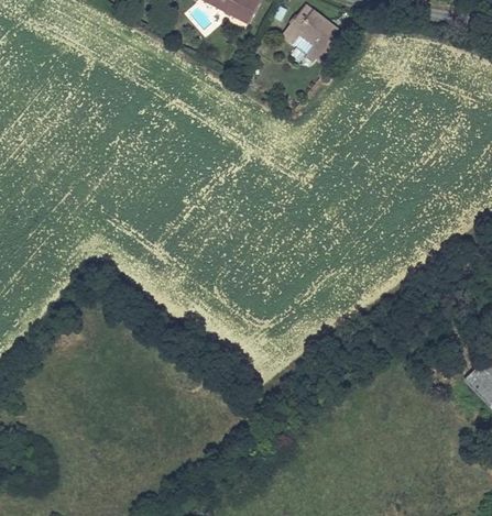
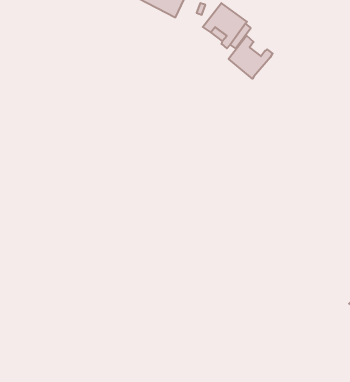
building: none -> [229,36,273,79]

